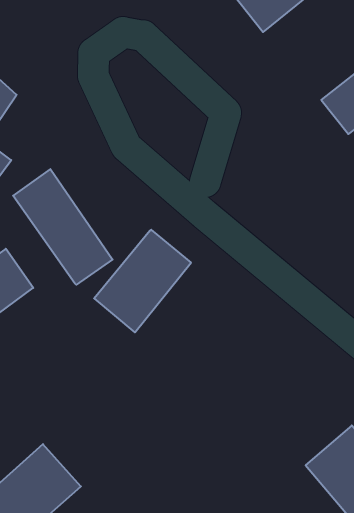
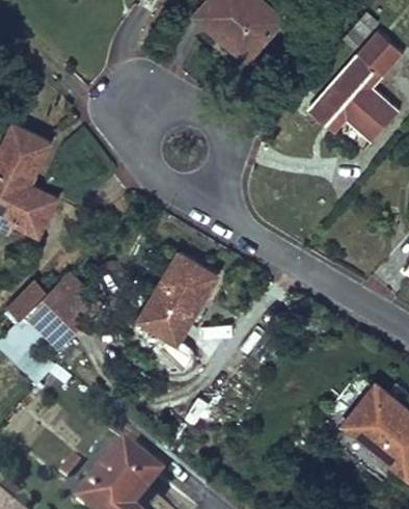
building: [13,169,113,285] -> none

